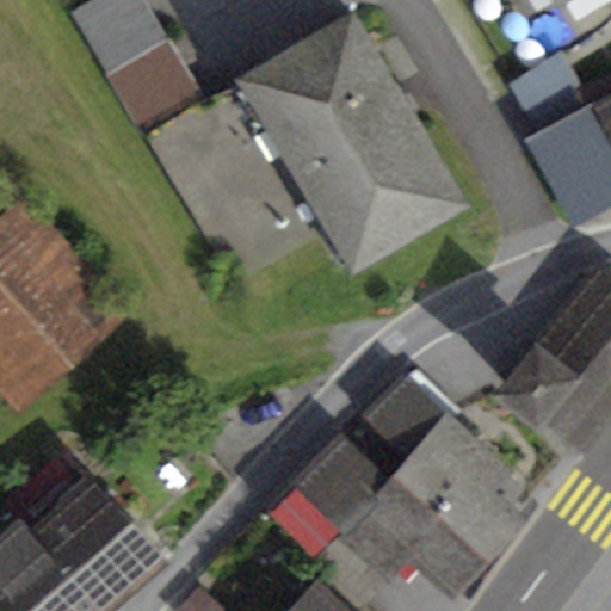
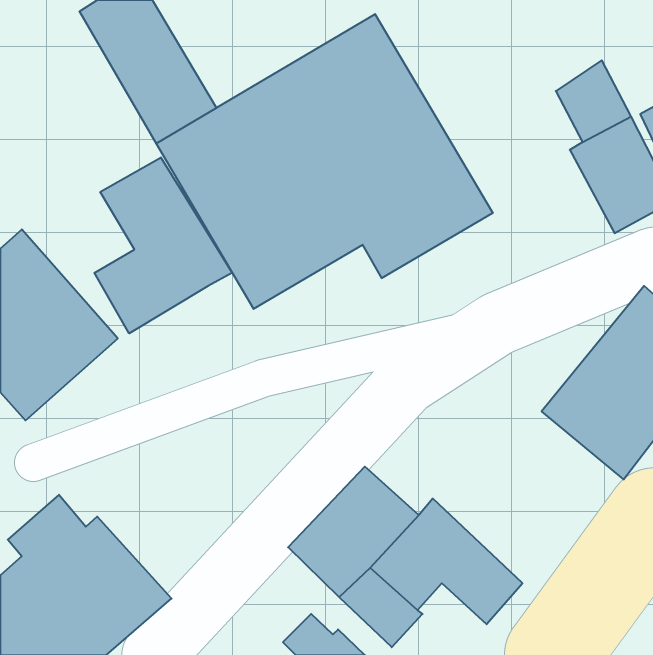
building: none -> [94,157,232,333]
building: [365,370,521,543] -> none

